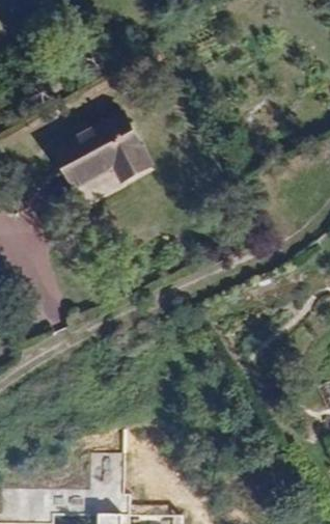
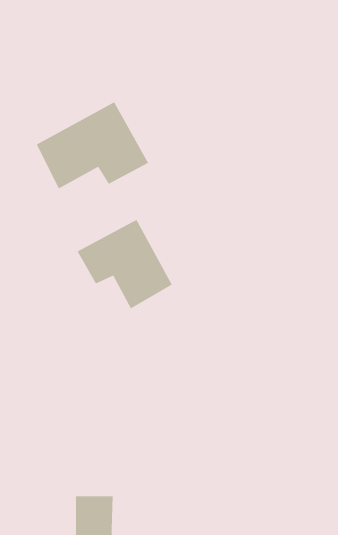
building: none -> [77,219,173,310]

